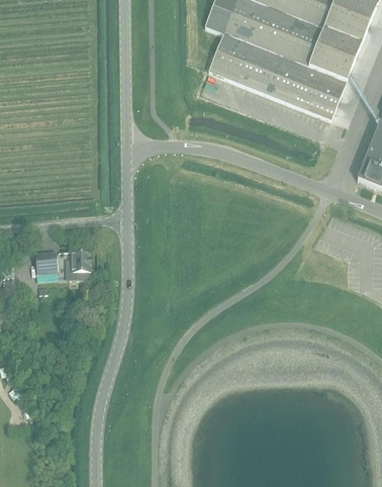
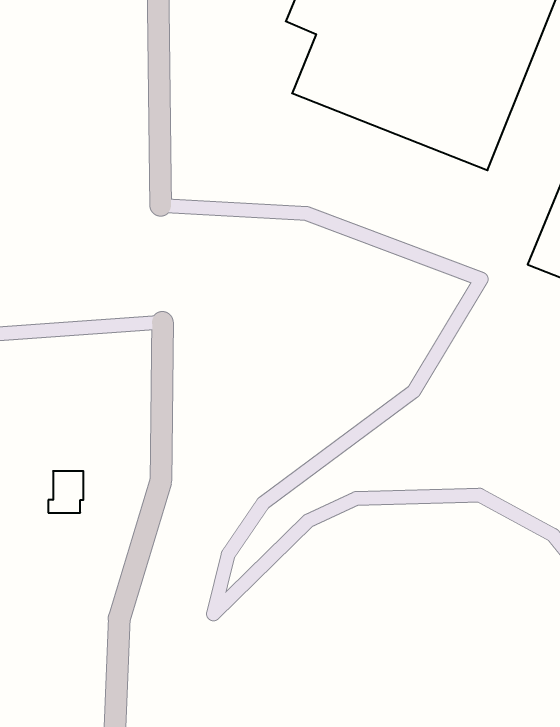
building: [34,251,58,273] -> none
building: [69,252,91,278] -> [48,471,83,513]

